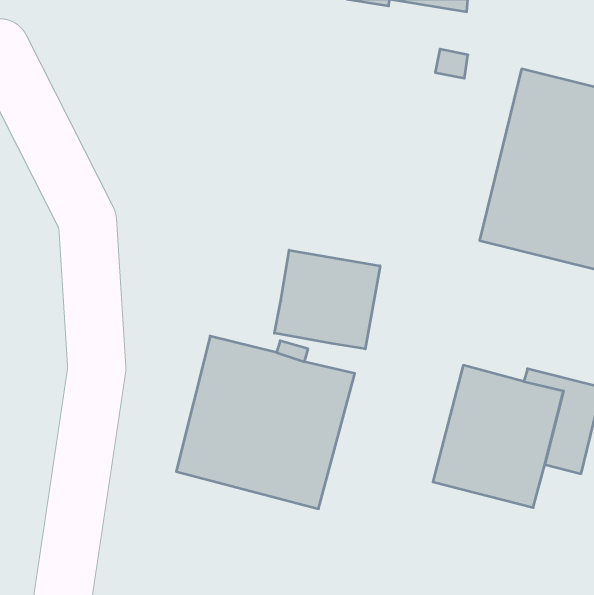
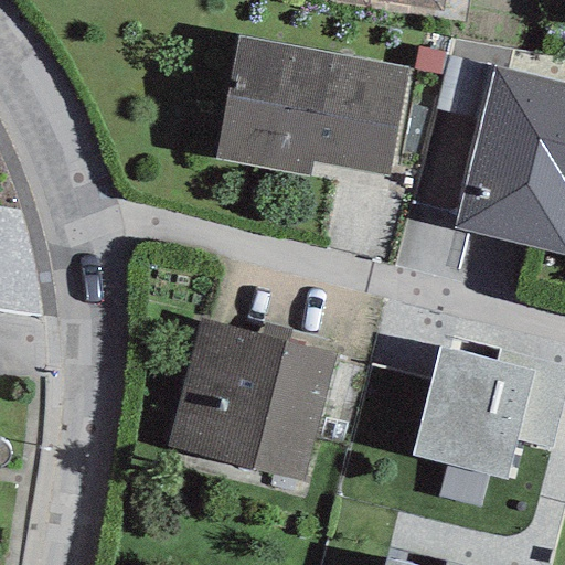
building: none -> [216,35,408,174]
building: [274,250,380,349] -> none

